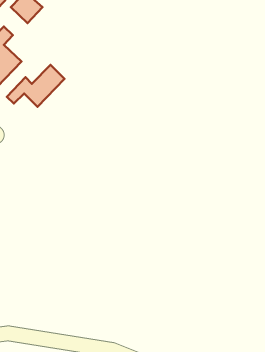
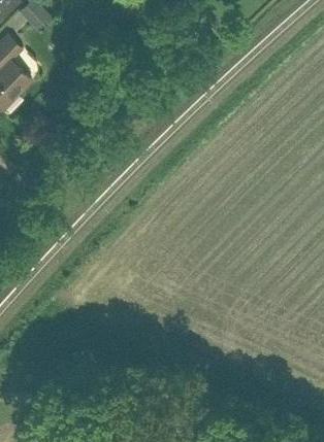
building: [7,65,65,107] -> none

